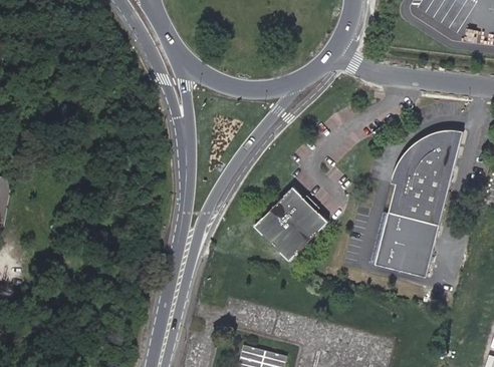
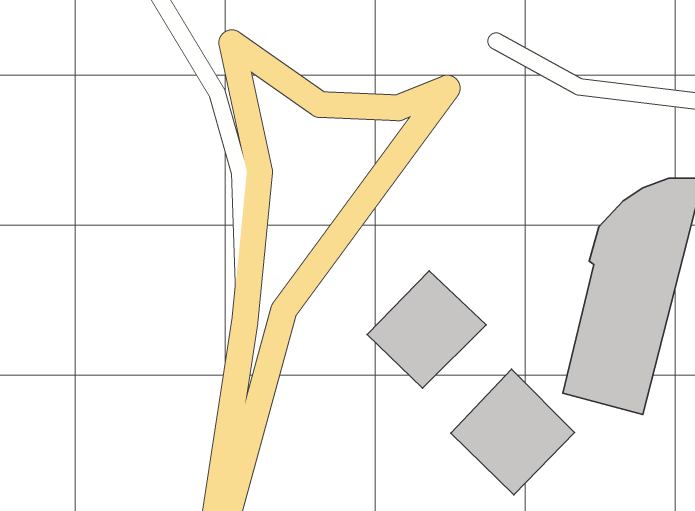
building: none -> [451,369,575,495]

